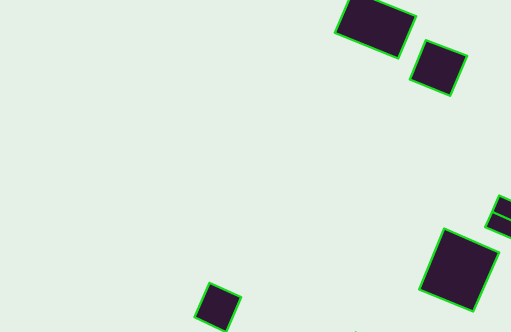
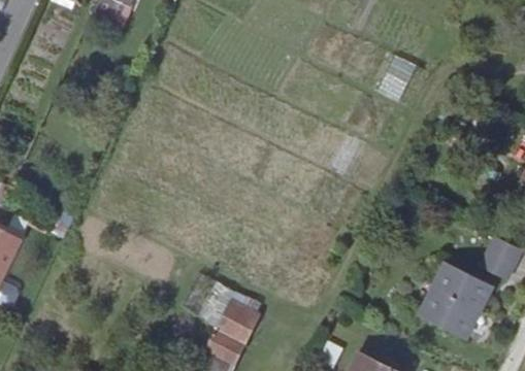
building: [410,40,467,96] -> none

